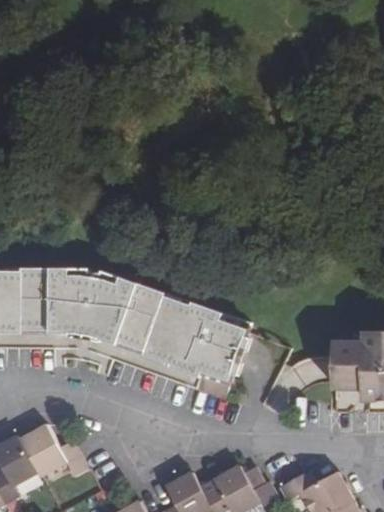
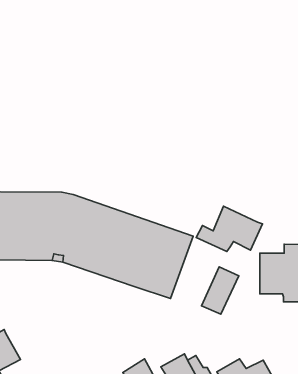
building: none -> [196,206,263,252]
building: [20,425,86,477] -> none

